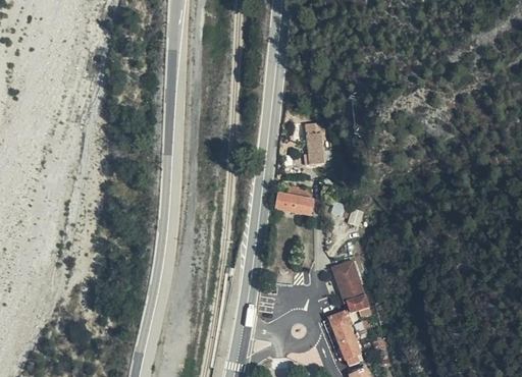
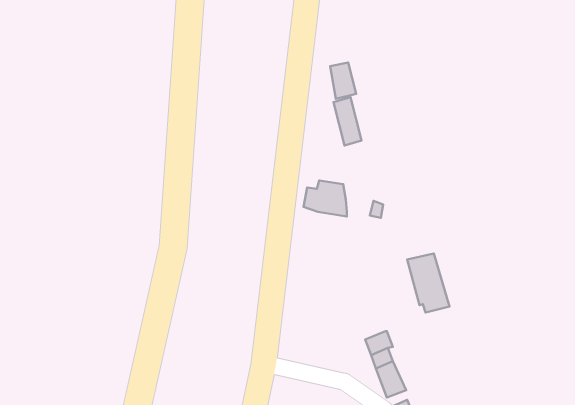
building: none -> [330,62,356,99]
building: [333,261,369,311] -> [407,253,449,313]

